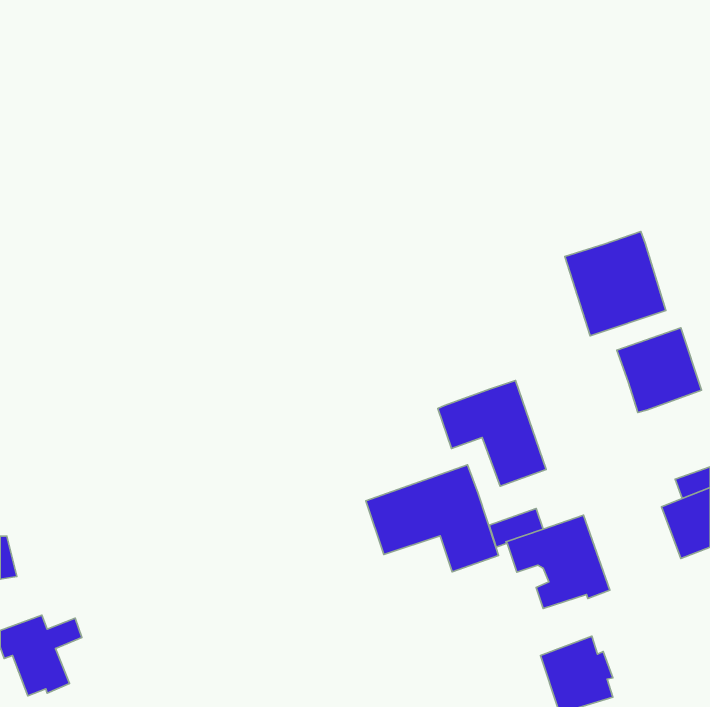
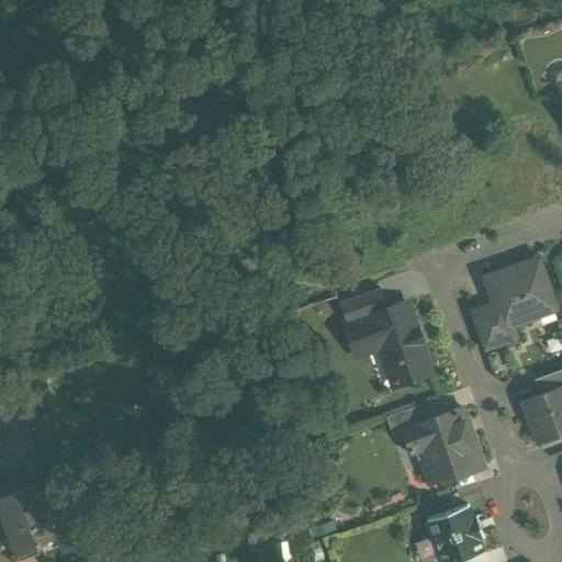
building: [565,231,666,336] -> none
building: none -> [344,289,387,323]
building: none -> [473,304,517,350]
building: [366,465,498,572] -> none

